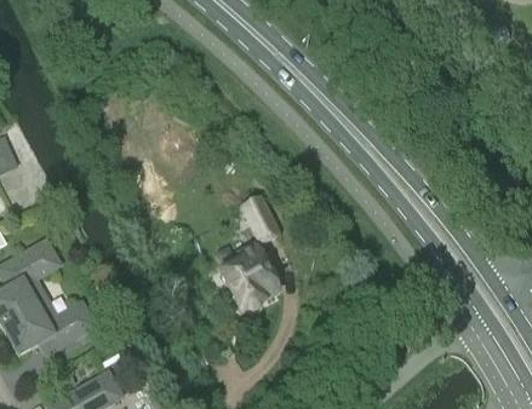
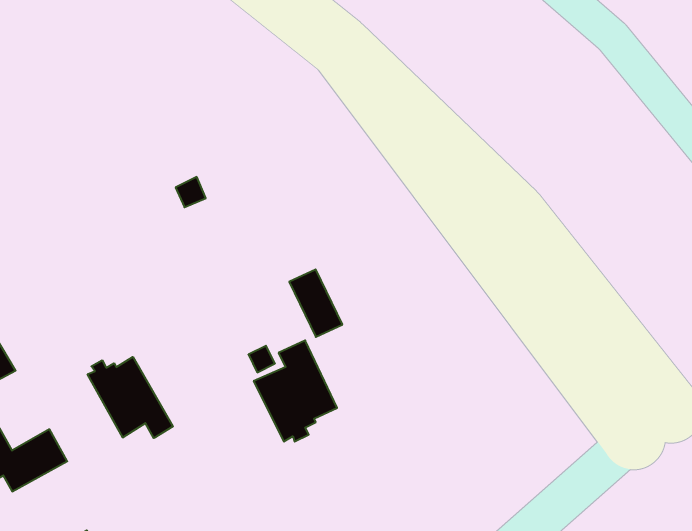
building: none -> [88,357,173,438]

